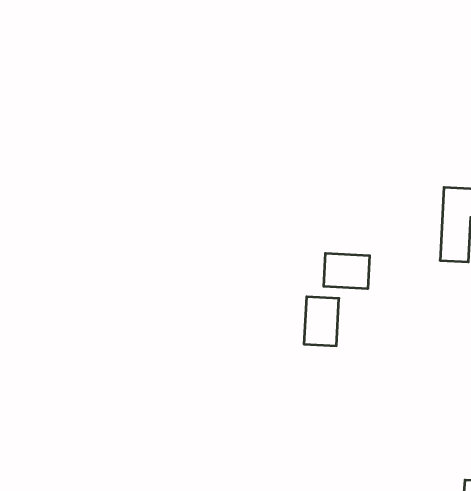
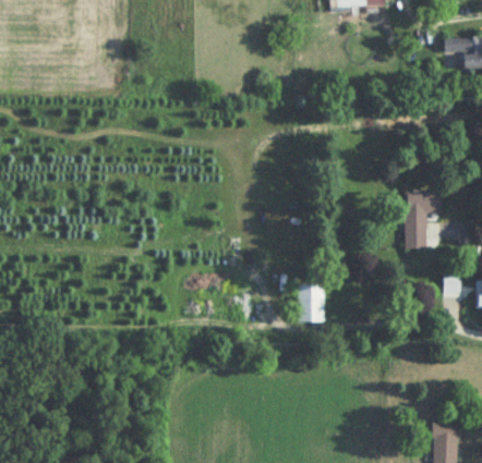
building: [324,253,370,289] -> none

